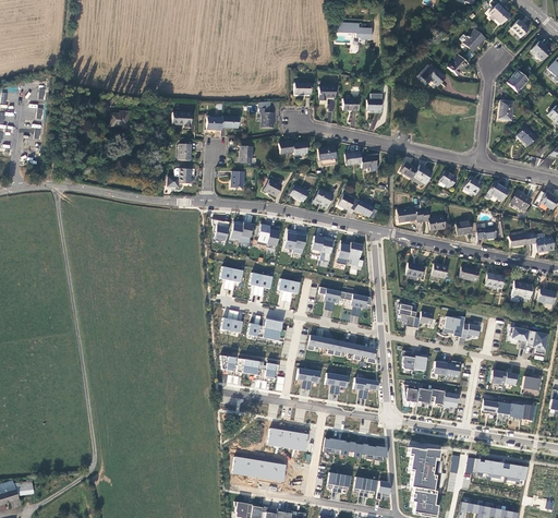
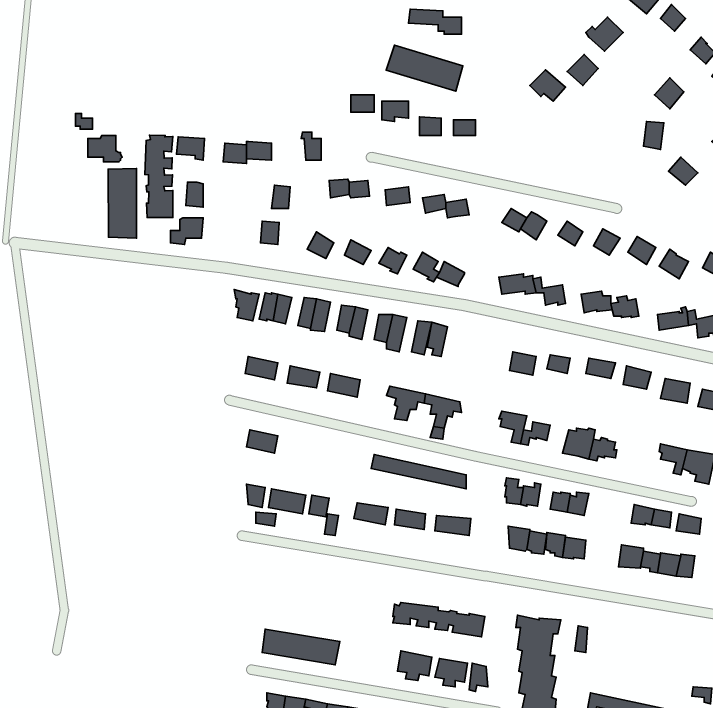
building: none -> [386,45,463,91]
building: none -> [145,135,173,217]
building: none -> [108,169,137,238]
building: [248,318,287,341] -> none
building: [268,427,308,449] -> none
building: [473,458,527,484] -> none

